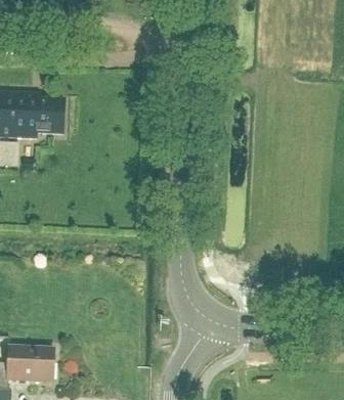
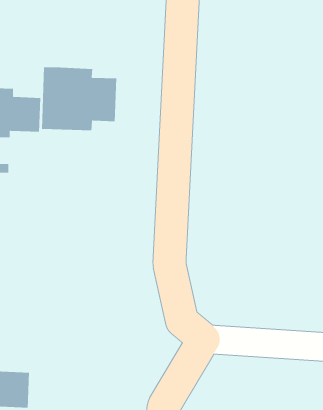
building: none -> [41,66,117,131]

